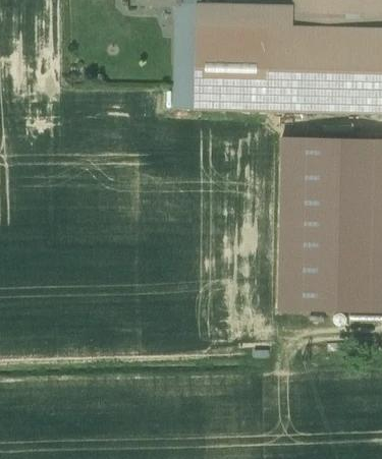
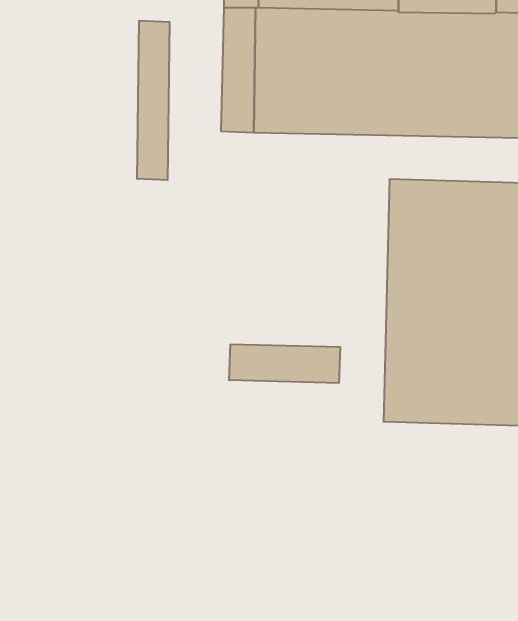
building: none -> [137,21,169,180]
building: none -> [229,344,340,383]

